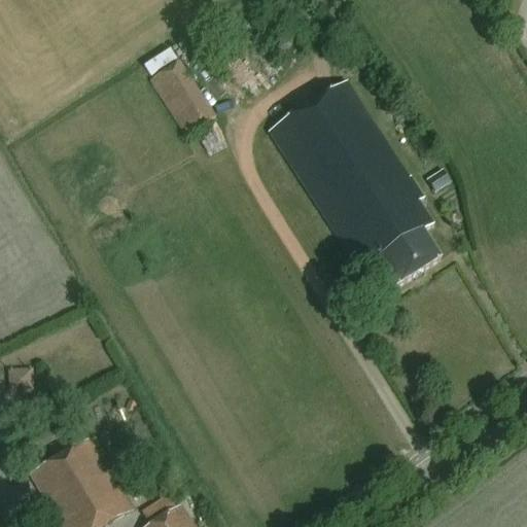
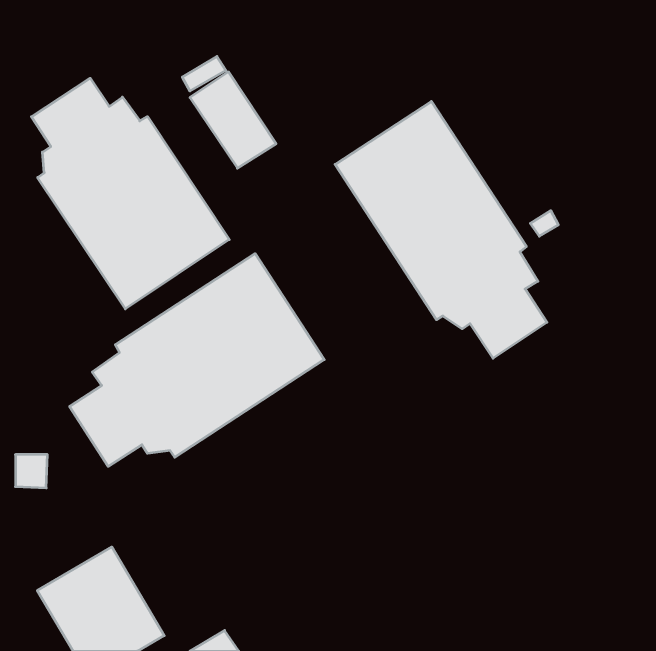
building: none -> [31,78,229,309]
building: none -> [70,254,324,466]

